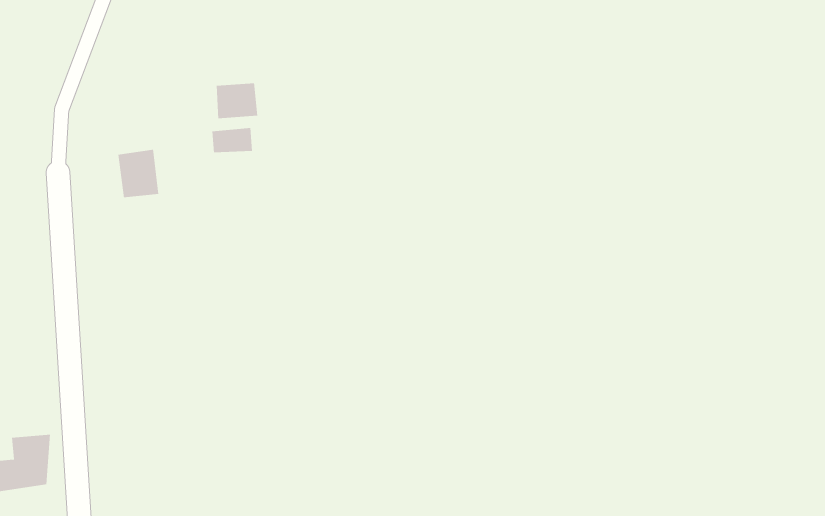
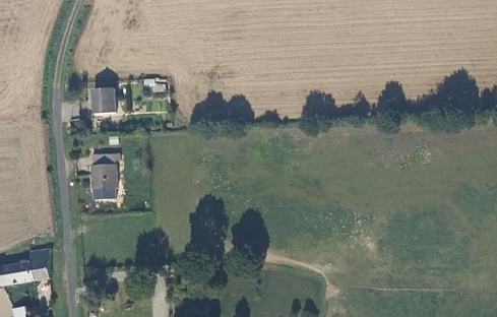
building: [216,83,258,119] -> none
building: none -> [90,155,113,191]

